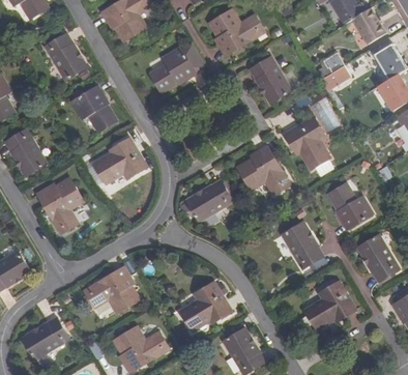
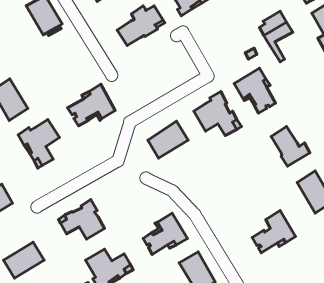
building: [249,57,290,104] -> none
building: [70,86,116,132] -> none
building: [282,222,322,268] -> none

